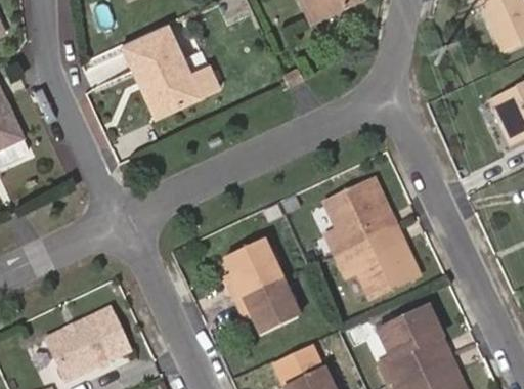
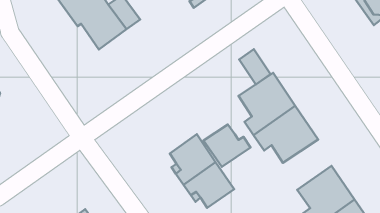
building: none -> [239,49,271,84]
building: none -> [204,125,251,167]

